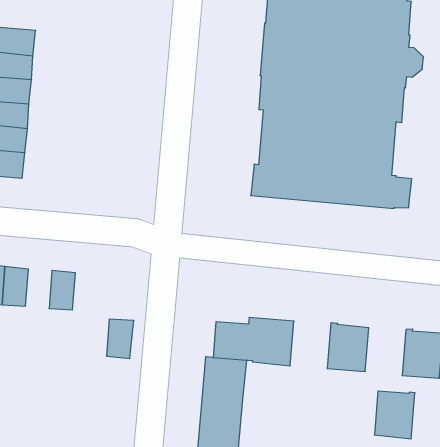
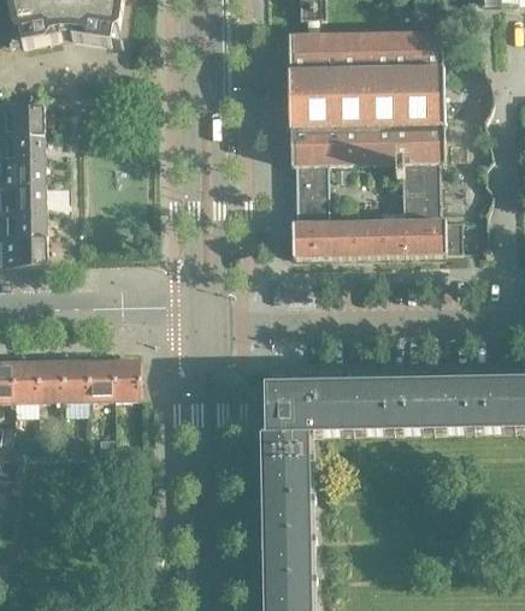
building: none -> [63,357,89,398]
building: [106,319,134,359] -> [113,356,140,397]
building: none -> [352,381,393,432]
building: [374,391,415,439] -> [432,380,473,429]

